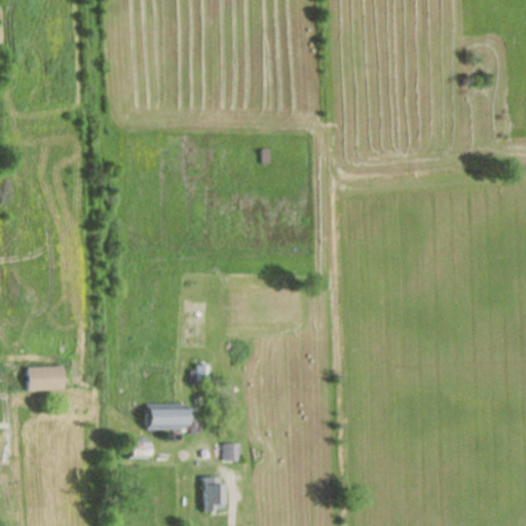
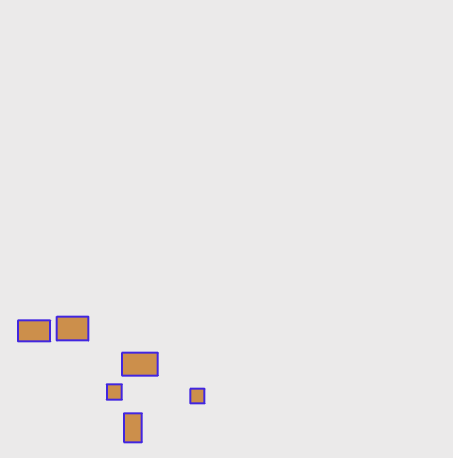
building: none -> [57,317,88,341]
building: [203,478,224,511] -> [124,413,142,442]

